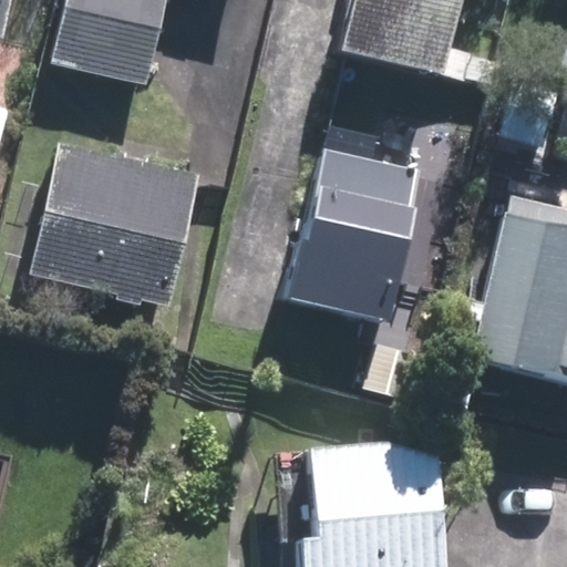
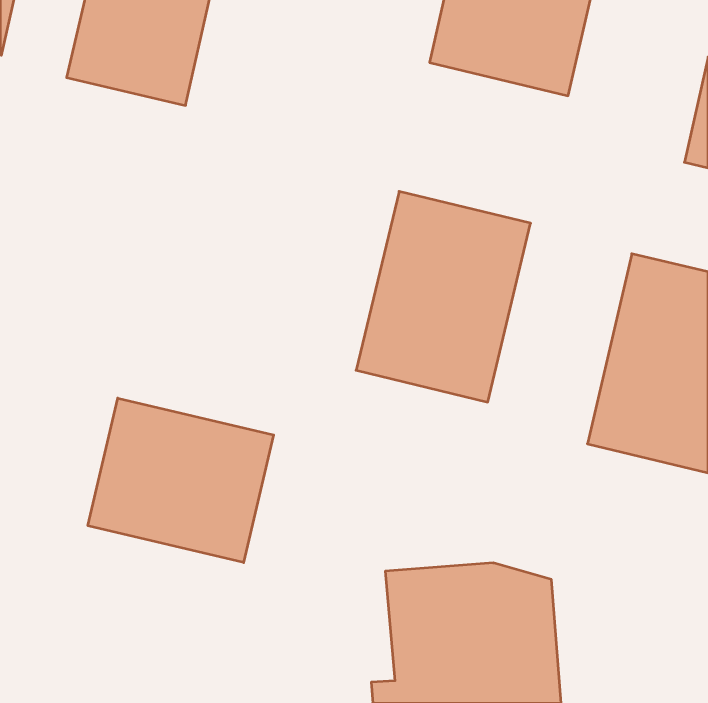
building: [27,146,202,306] -> none
building: none -> [88,398,274,563]

